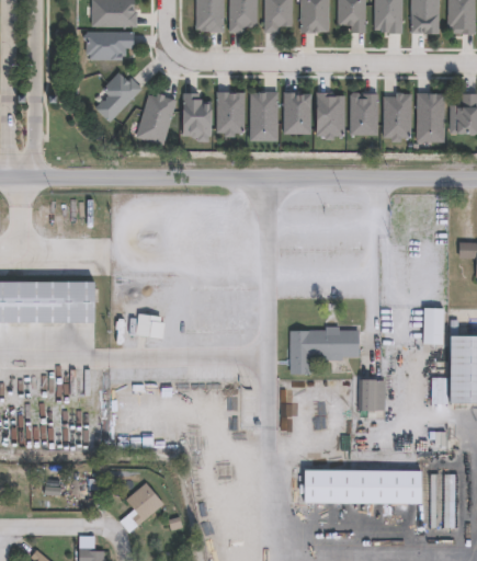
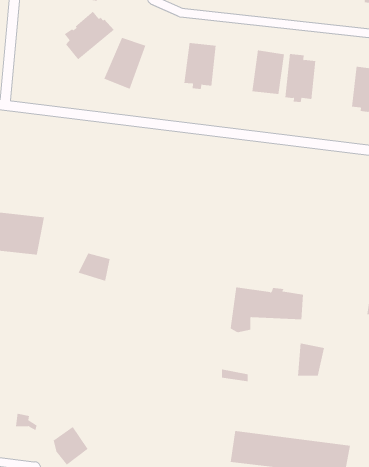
building: [183,92,212,141] -> none
building: [250,92,279,141] -> none
building: [351,93,378,135] -> none

